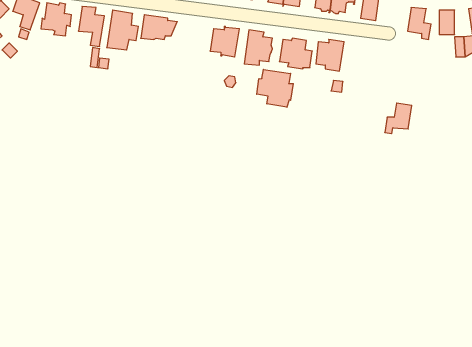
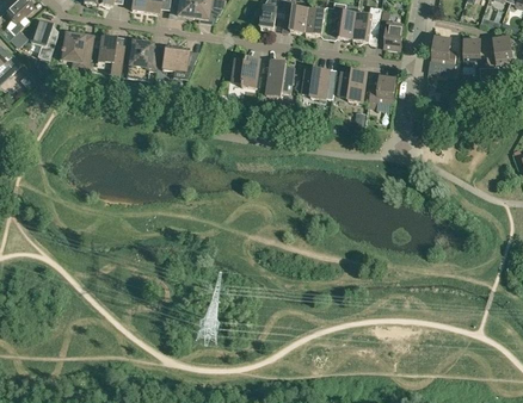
building: [257,69,293,107] -> none
building: [385,103,412,134] -> [369,76,396,107]

